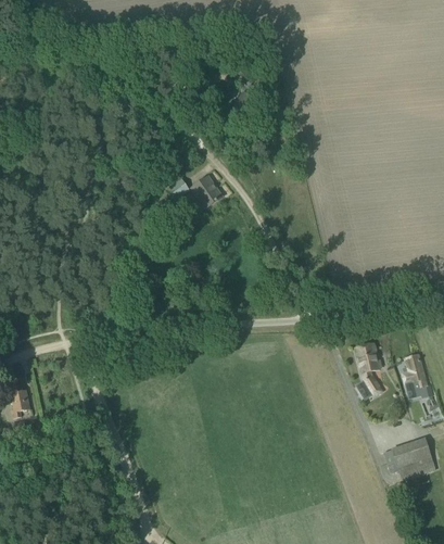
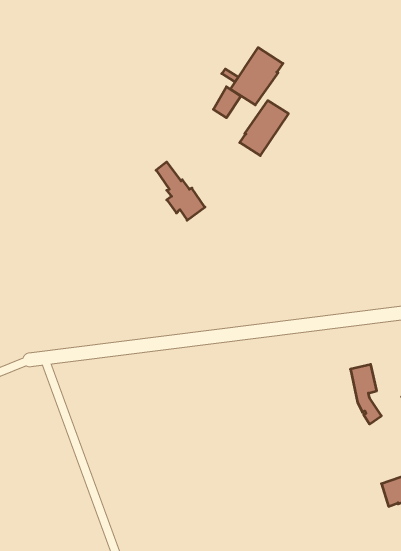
building: none -> [230,48,283,105]
building: none -> [240,101,288,156]

